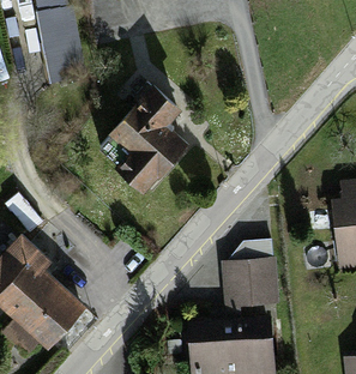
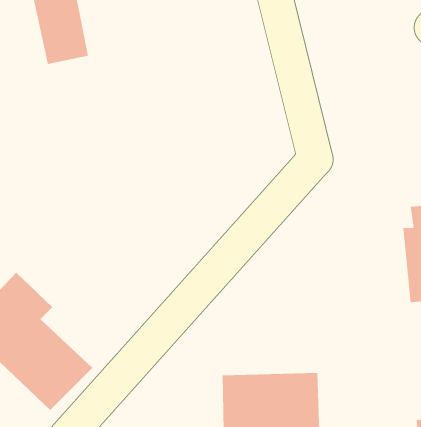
building: [102,86,188,186] -> none
building: [223,258,274,302] -> none

